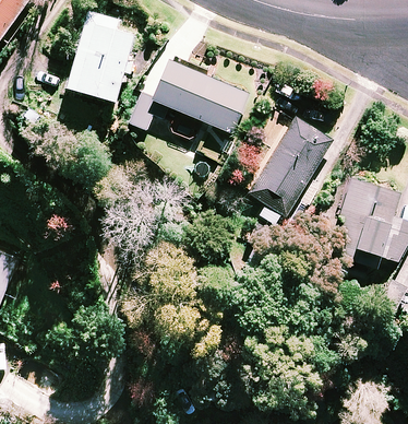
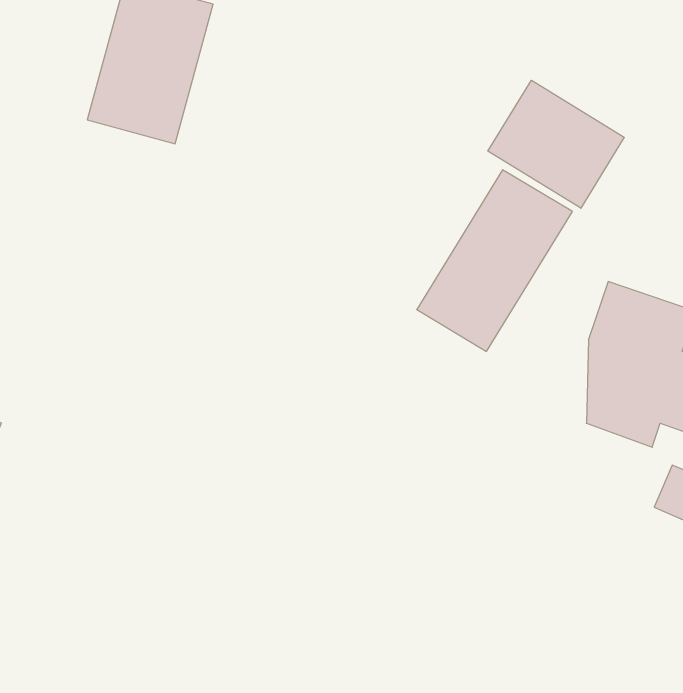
building: [130,60,249,133] -> none
building: none -> [488,80,624,208]

